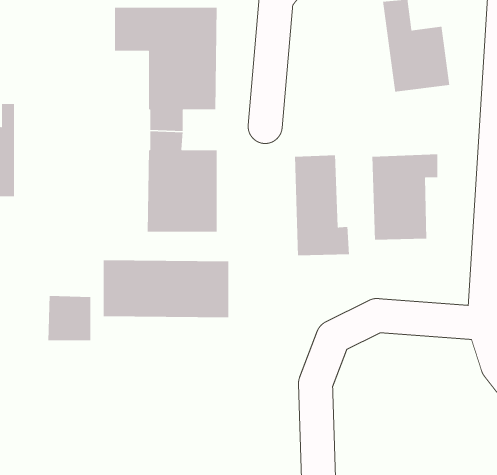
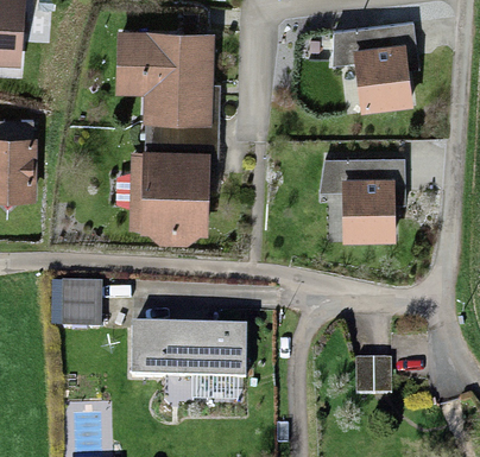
building: [294,154,350,256] -> none
building: [103,260,229,318] -> [135,330,246,381]
building: none -> [355,361,393,392]

